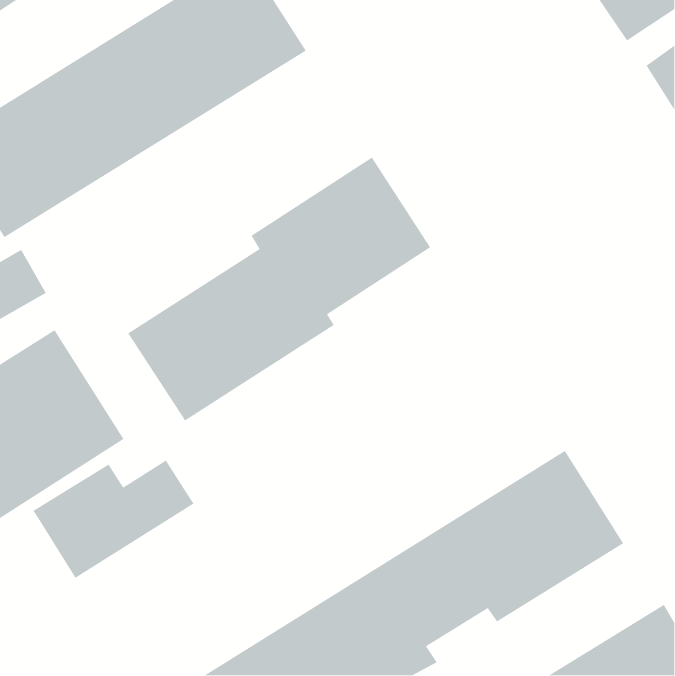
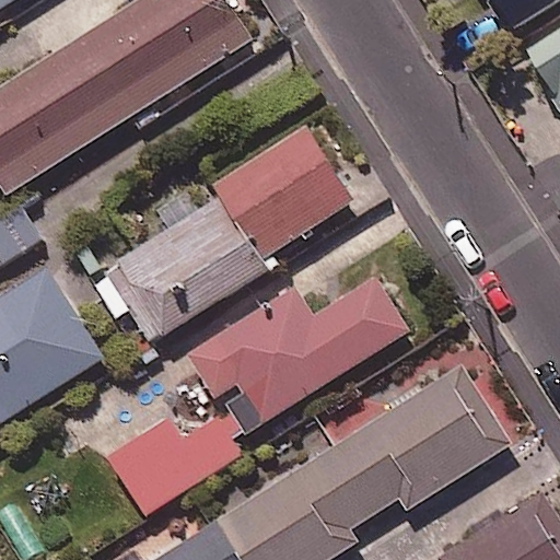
building: none -> [187,279,408,438]
building: [32,460,194,579] -> [107,418,240,515]

